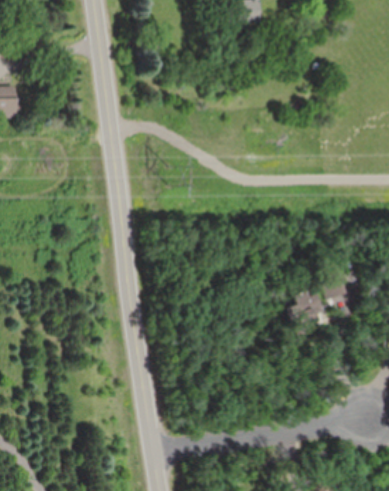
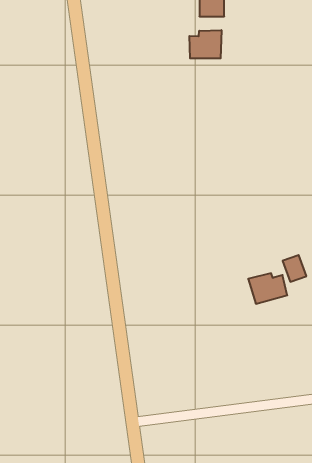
building: none -> [189,30,221,58]

